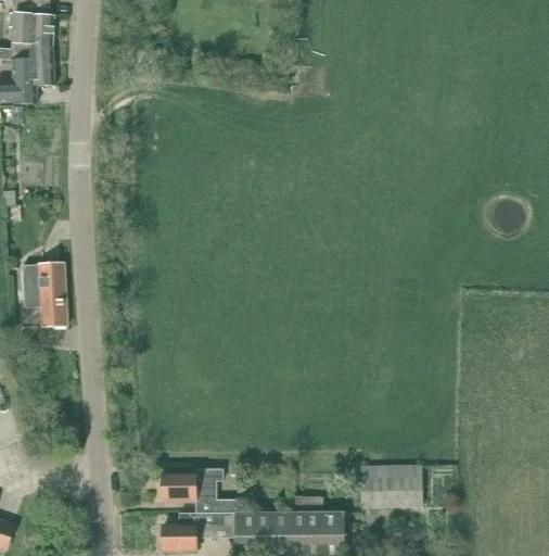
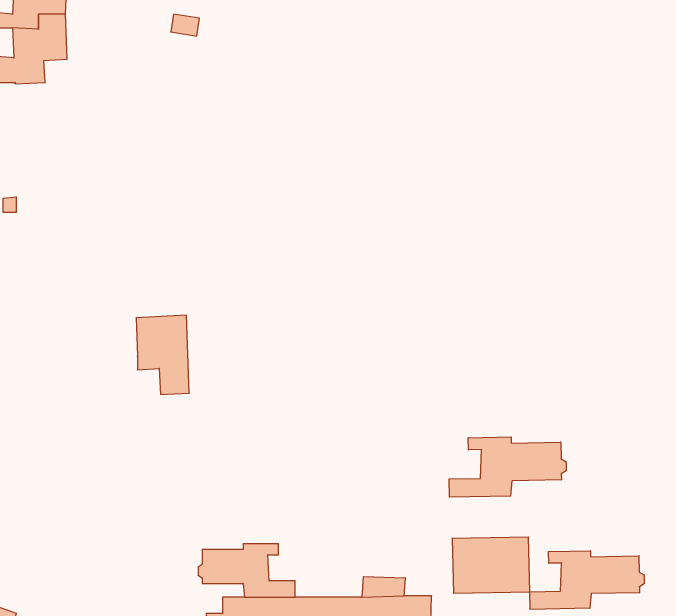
building: [24,262,66,325] -> [136,315,189,394]
building: none -> [449,437,566,497]
building: none -> [530,551,644,609]

